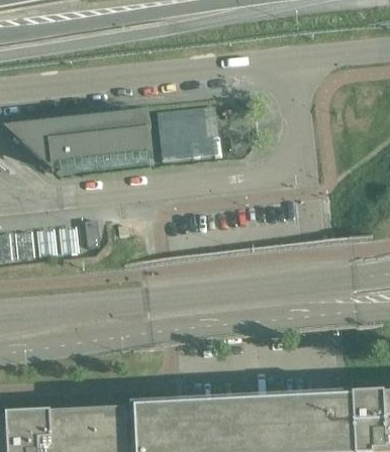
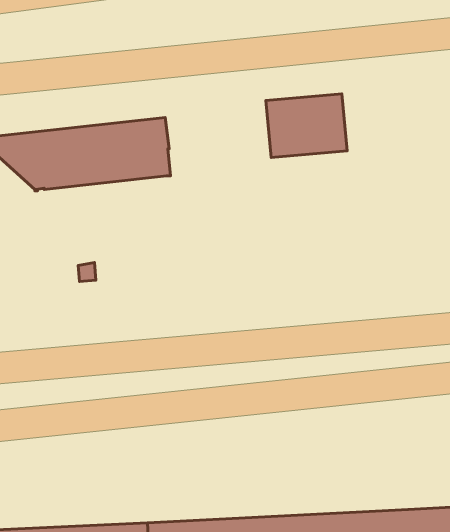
building: [158,100,218,147] -> [266,94,347,157]

